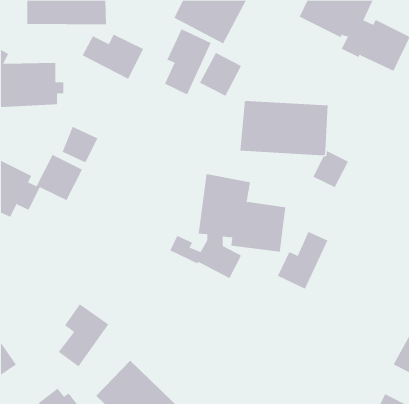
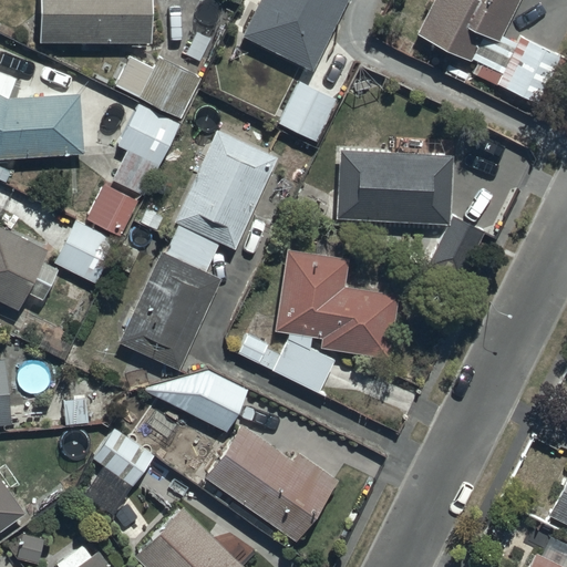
building: [164,28,212,95] -> [114,104,179,196]
building: none -> [117,127,278,369]
building: [277,231,328,290] -> none
building: none -> [144,369,246,432]
building: none -> [205,424,336,539]

